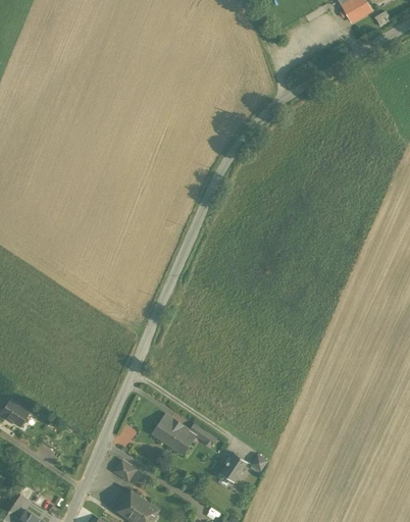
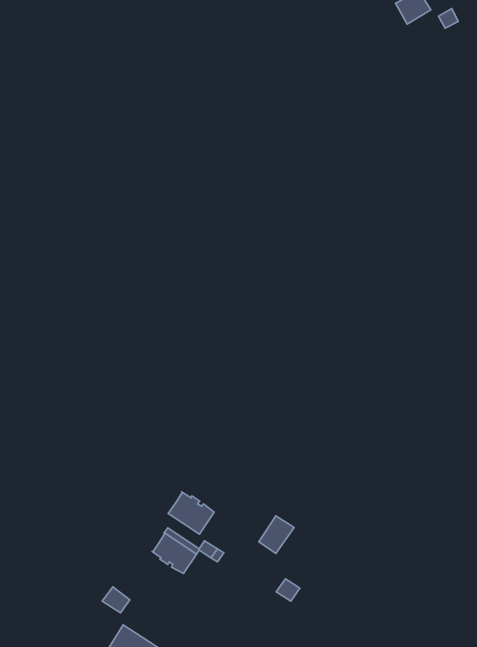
building: none -> [168,492,214,534]
building: [219,454,247,483] -> [259,516,294,554]

